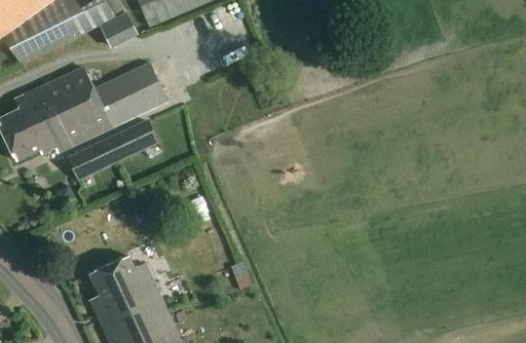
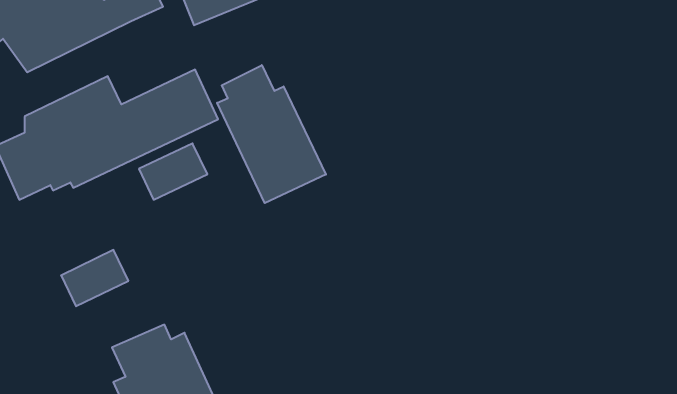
building: [100,12,138,47] -> none
building: none -> [217,65,326,203]
building: [67,137,118,180] -> [61,250,128,306]

